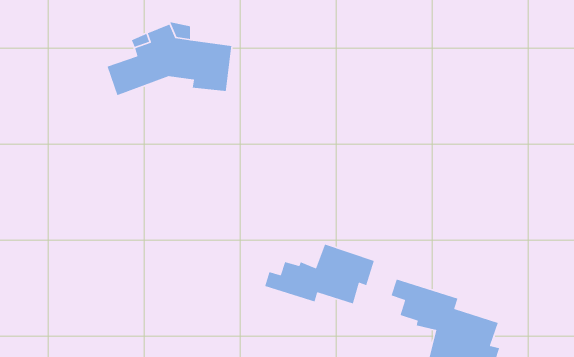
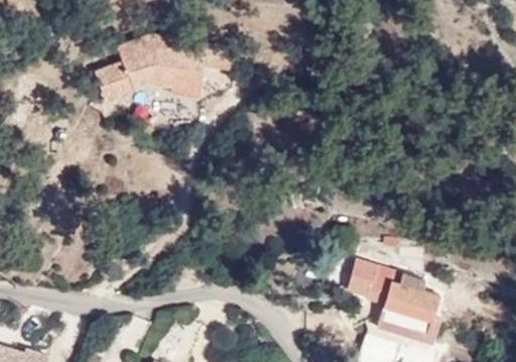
building: [264,244,375,305] -> none

